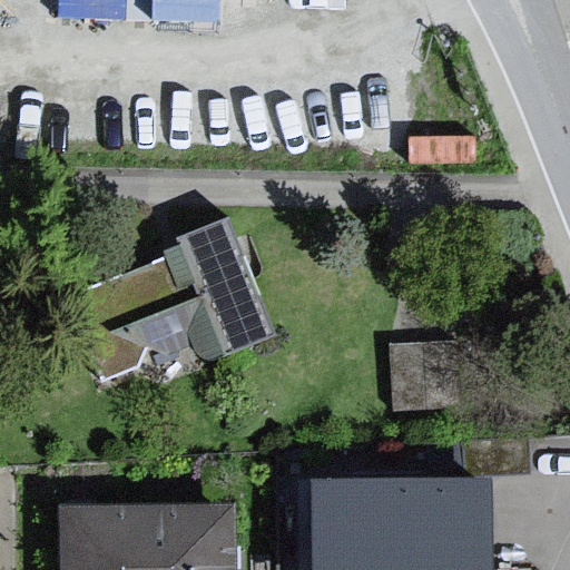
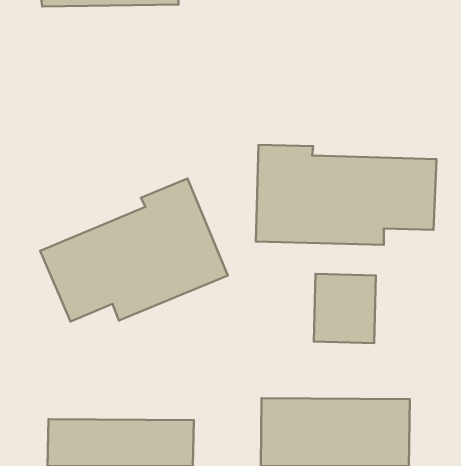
building: none -> [256,145,436,245]

